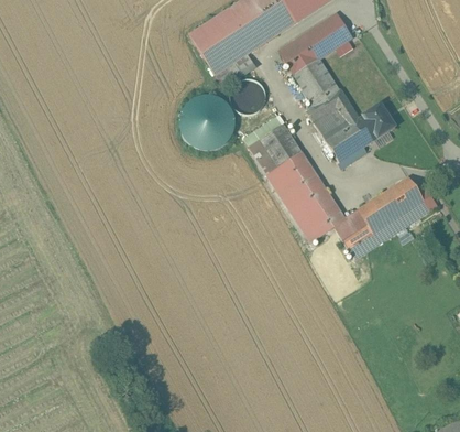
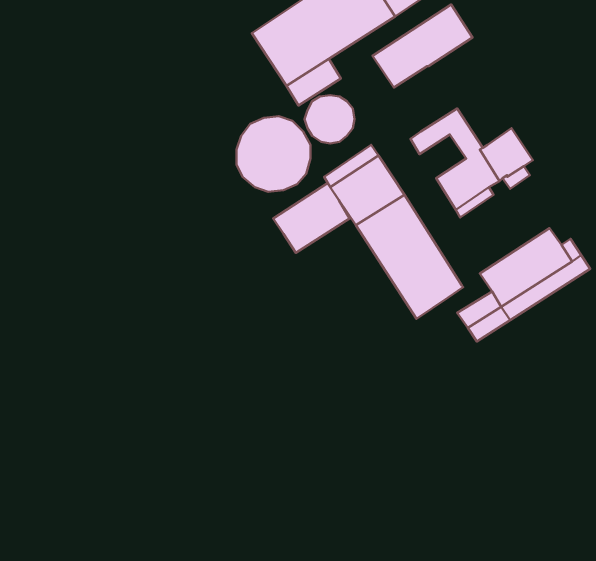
building: [294,57,339,105] -> none
building: [313,107,347,139] -> none
building: none -> [273,183,350,253]
building: [333,208,365,237] -> none

